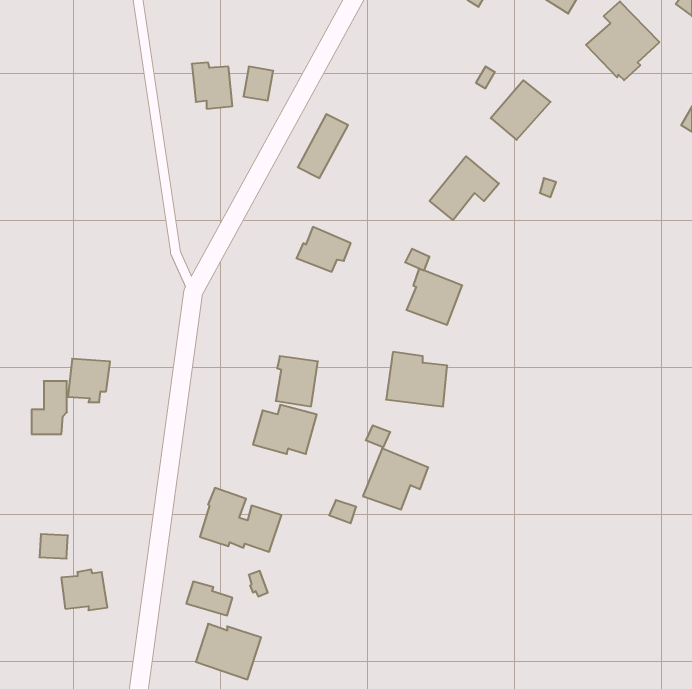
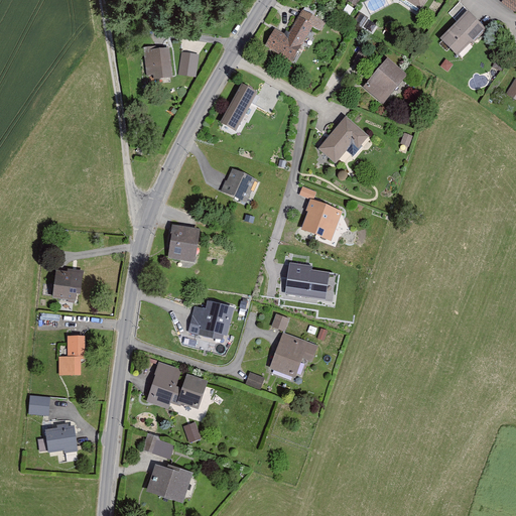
building: none -> [264,8,326,61]
building: [276,356,318,406] -> [169,225,201,262]
building: [32,381,67,434] -> [58,335,85,374]

